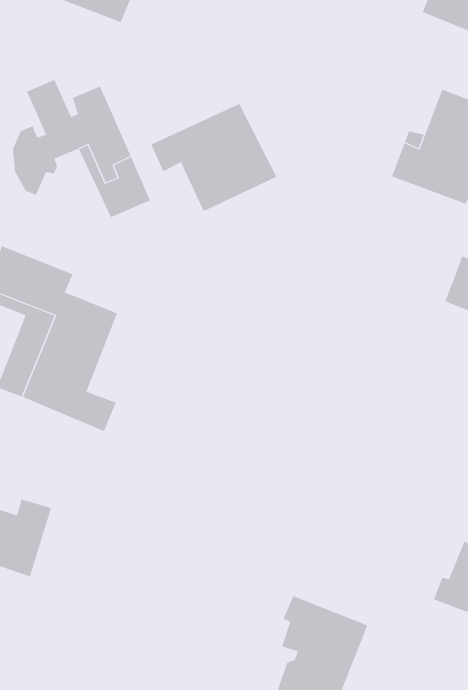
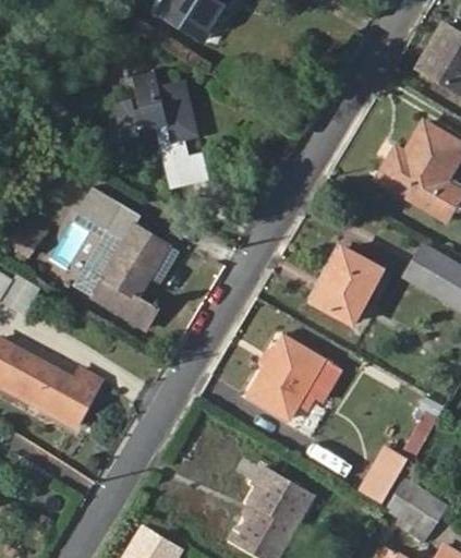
building: [150,103,277,212] -> none
building: none -> [313,248,381,322]
building: none -> [250,338,325,420]

